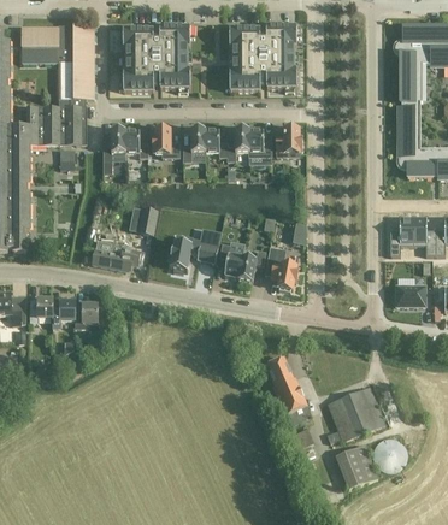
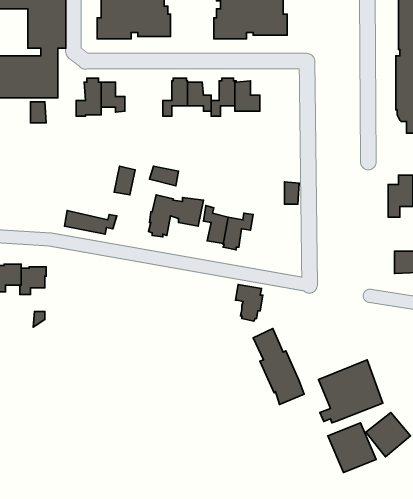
building: [276,126,300,158] -> none
building: [152,128,178,158] -> none
building: [272,259,297,293] -> [235,285,263,321]
building: [73,305,98,330] -> none

